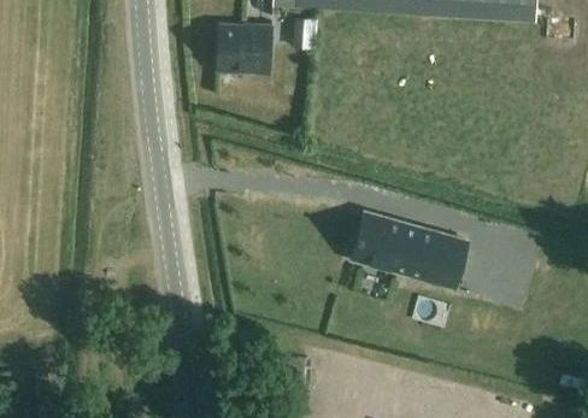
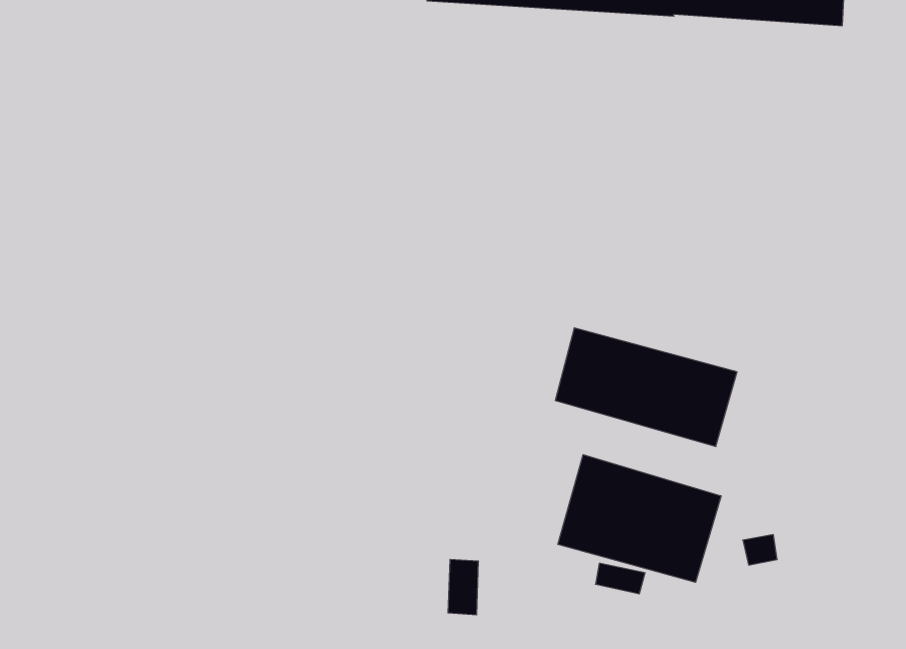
building: [217,22,275,75] -> none
building: none -> [558,455,721,582]

